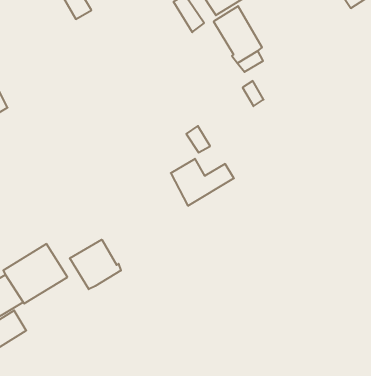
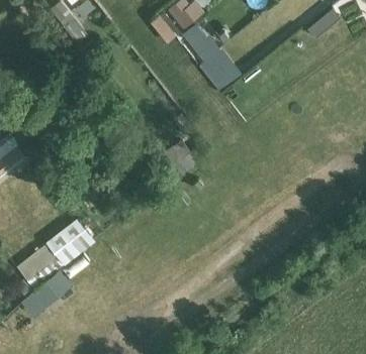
building: [70,240,121,289] -> none

